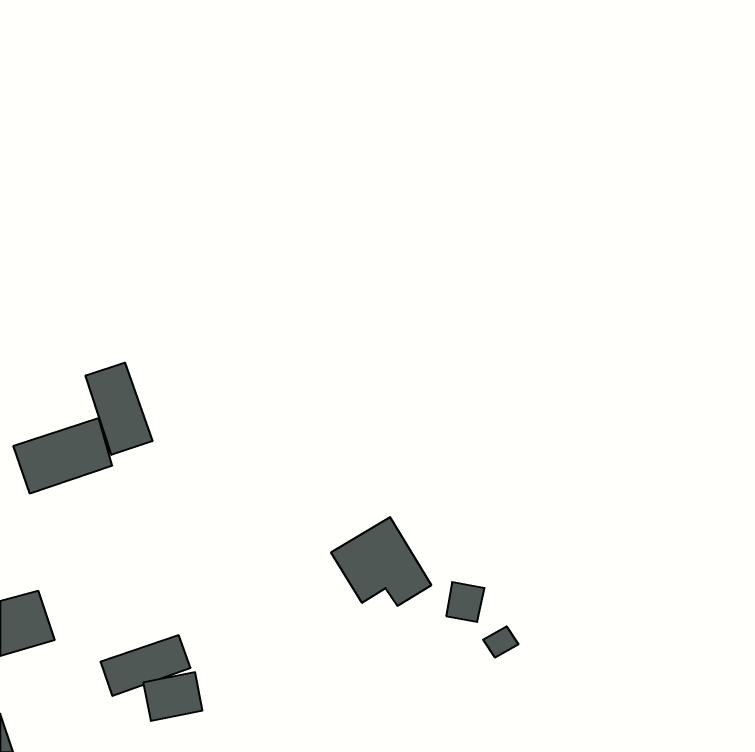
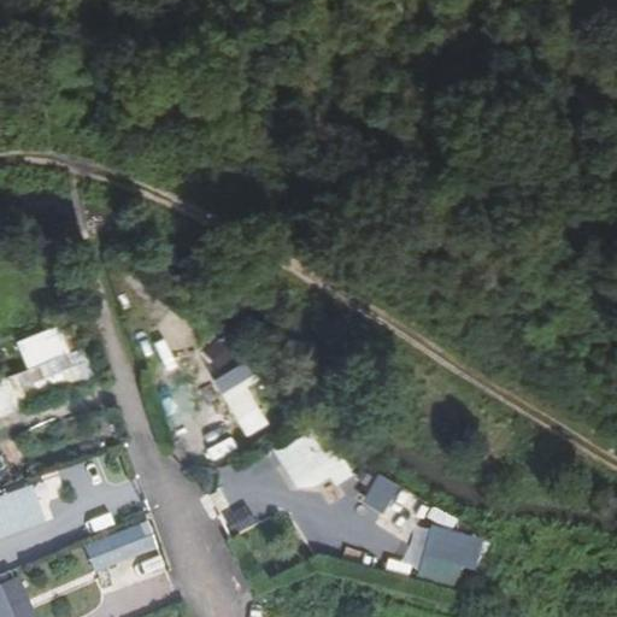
building: [86,363,152,455] -> none
building: none -> [211,362,269,436]
building: none -> [419,523,481,587]

